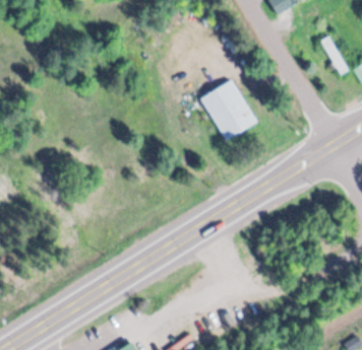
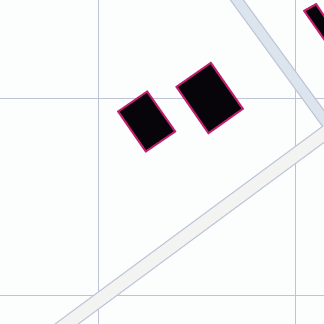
building: none -> [118,92,175,151]

